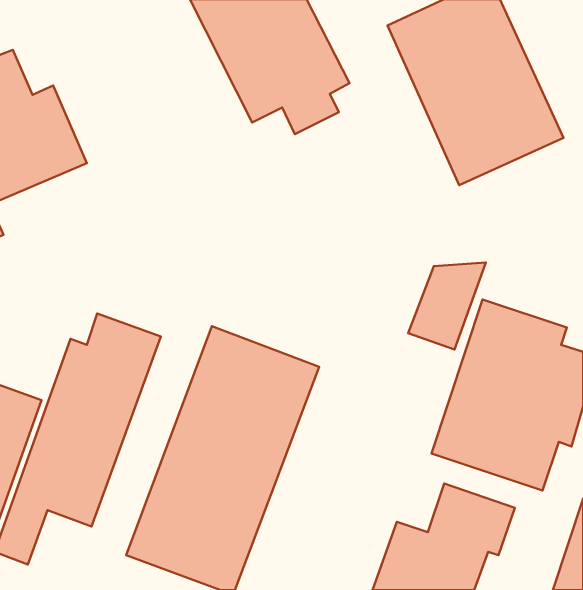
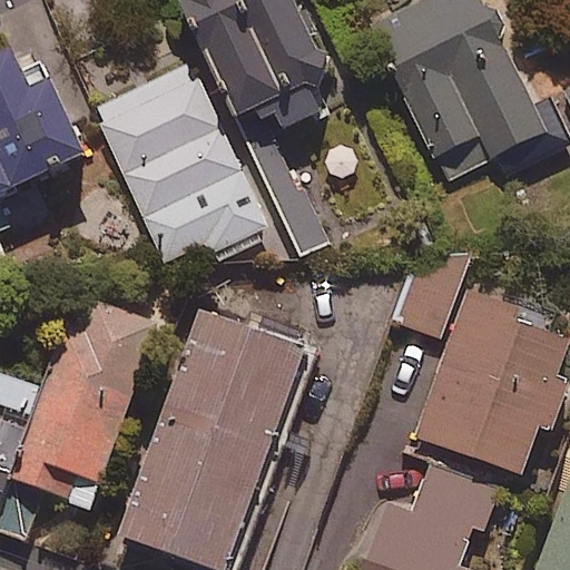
building: none -> [92,63,269,261]

